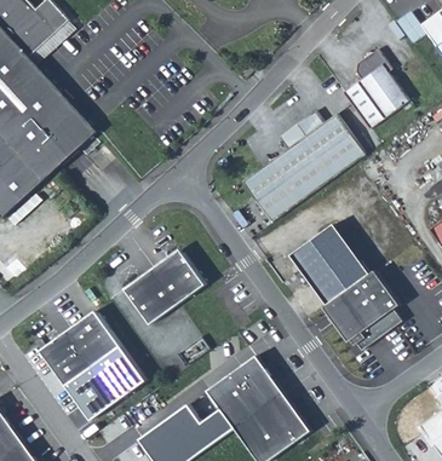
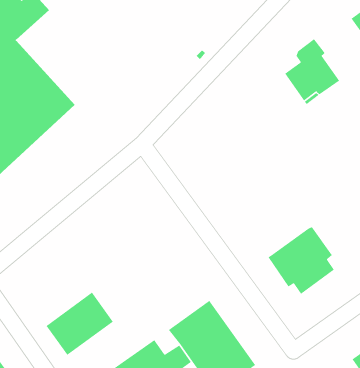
building: [245,110,364,219] -> none
building: [292,224,371,304] -> none
building: [124,249,203,323] -> none
building: [39,311,119,386] -> none

